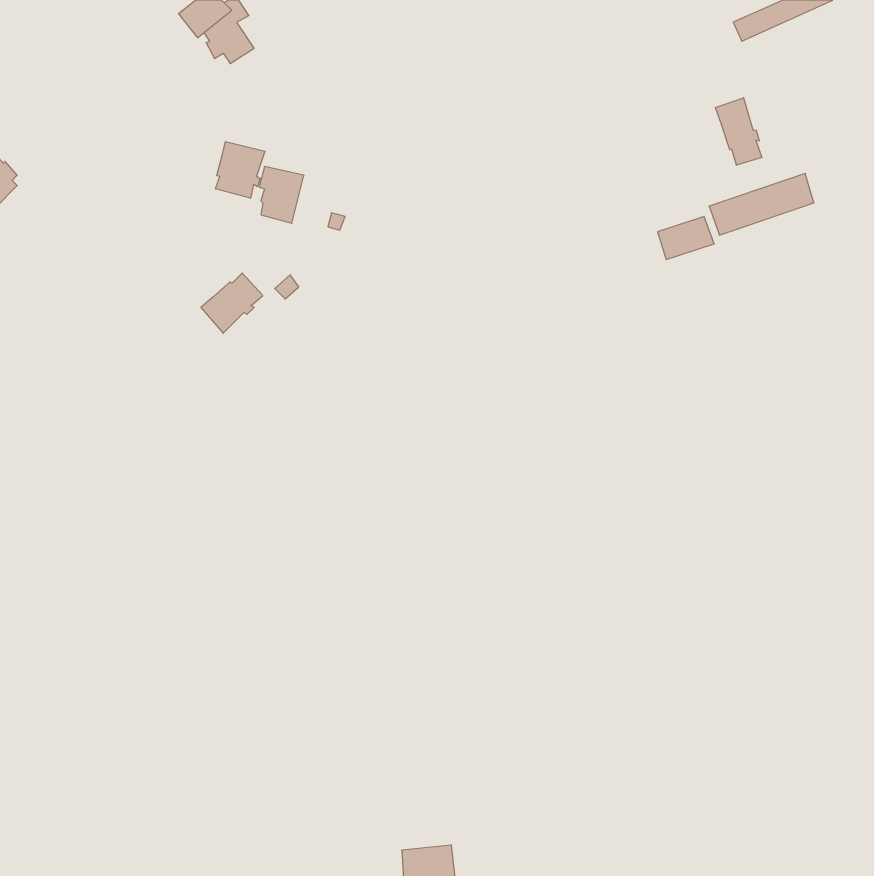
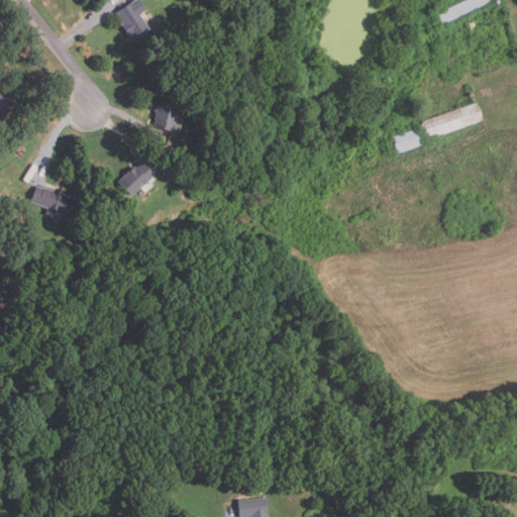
building: [716,98,762,165] -> none
building: [215,142,265,198] -> none
building: none -> [30,187,73,218]

